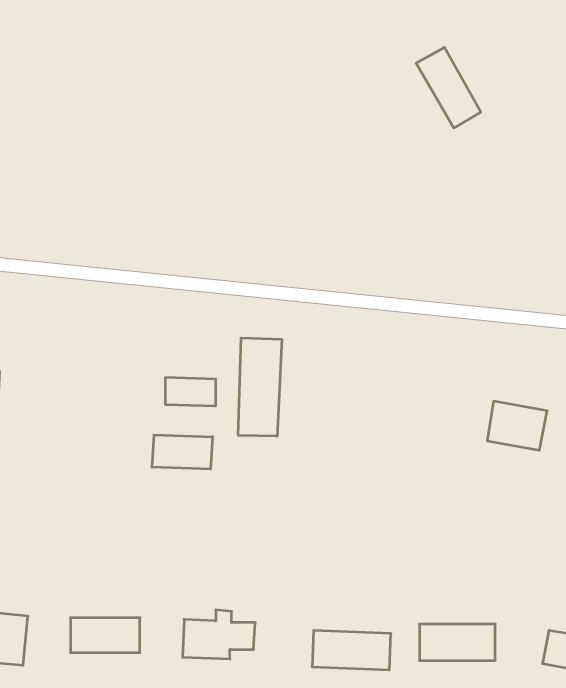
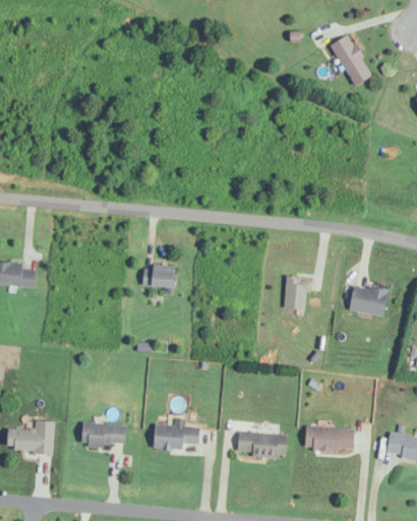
building: [416,47,481,128] -> [331,35,372,86]
building: [238,338,282,436] -> none
building: none -> [285,277,307,309]
building: [152,435,213,469] -> none

